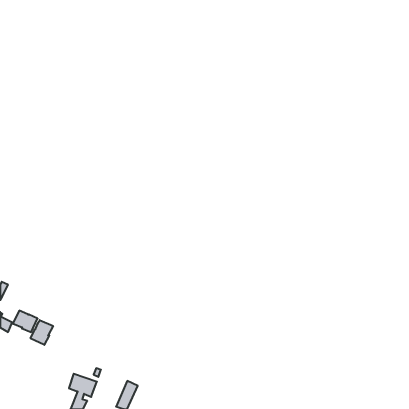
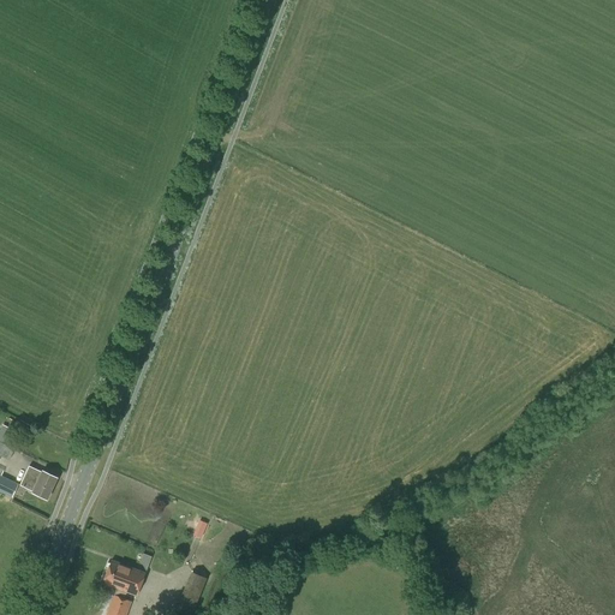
building: [31,320,53,345] -> none

